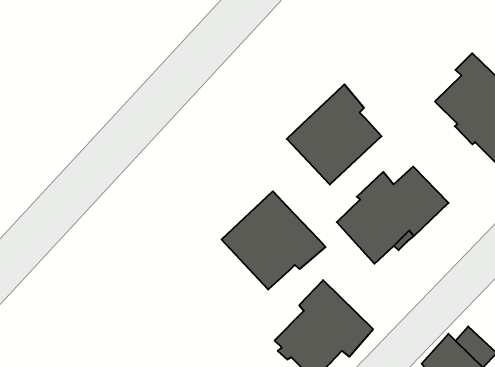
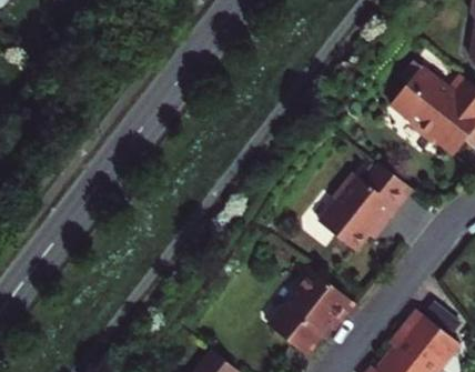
building: [287,84,382,185] -> none
building: [222,191,326,290] -> none

